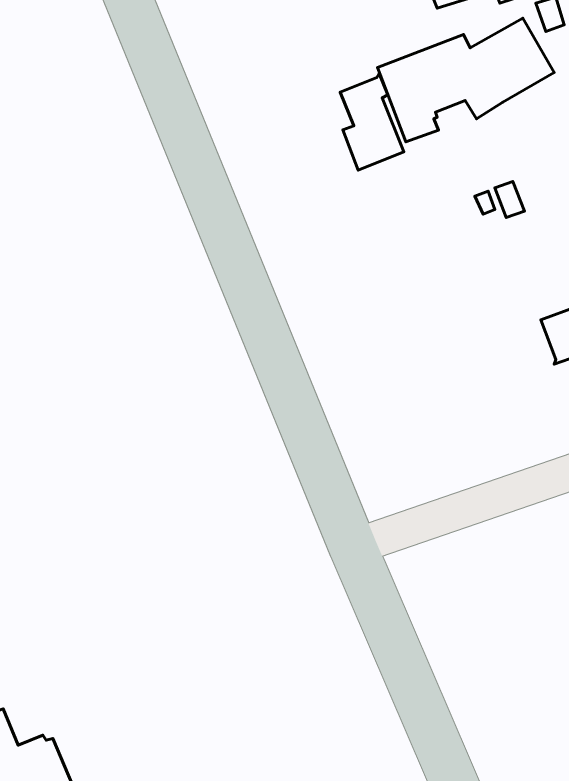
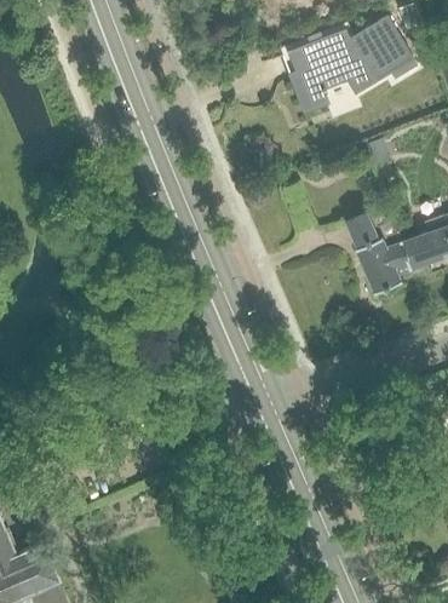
building: [340,73,404,170] -> none
building: none -> [348,206,413,292]

